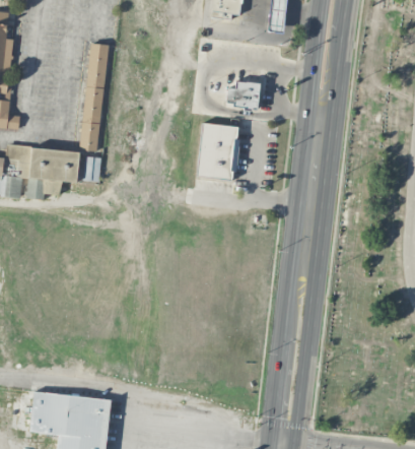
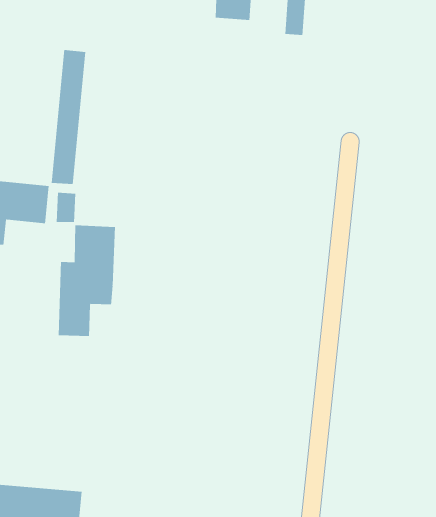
building: [232,79,264,110] -> none
building: [197,122,240,180] -> none
building: none -> [58,224,115,337]

